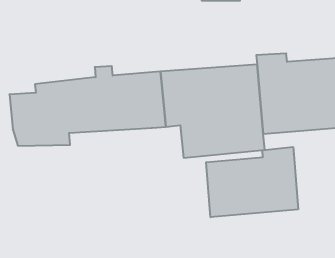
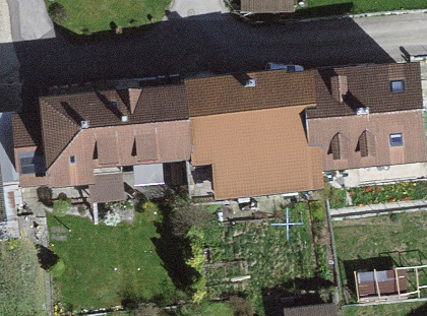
building: [206,147,298,217] -> none

